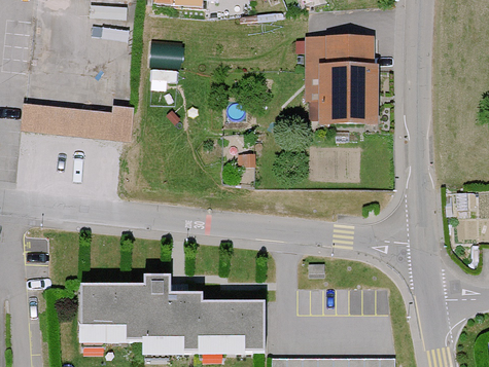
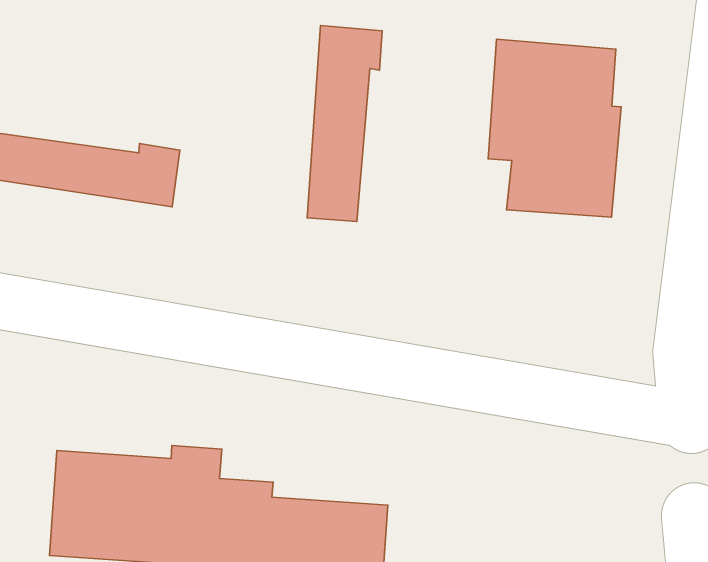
building: none -> [307,25,382,222]

